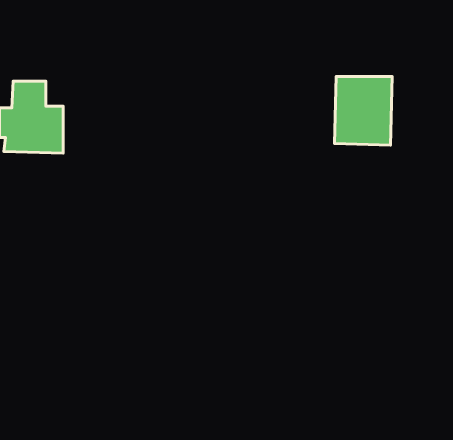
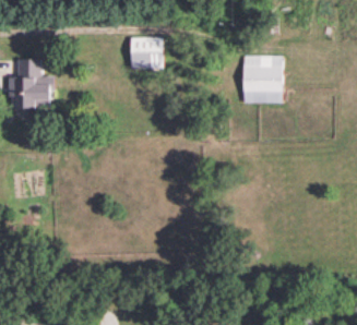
building: none -> [130,37,164,69]

